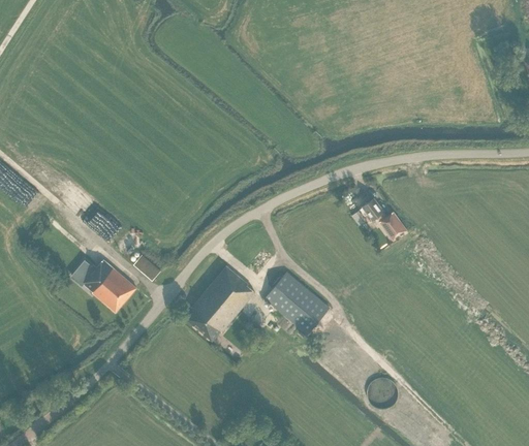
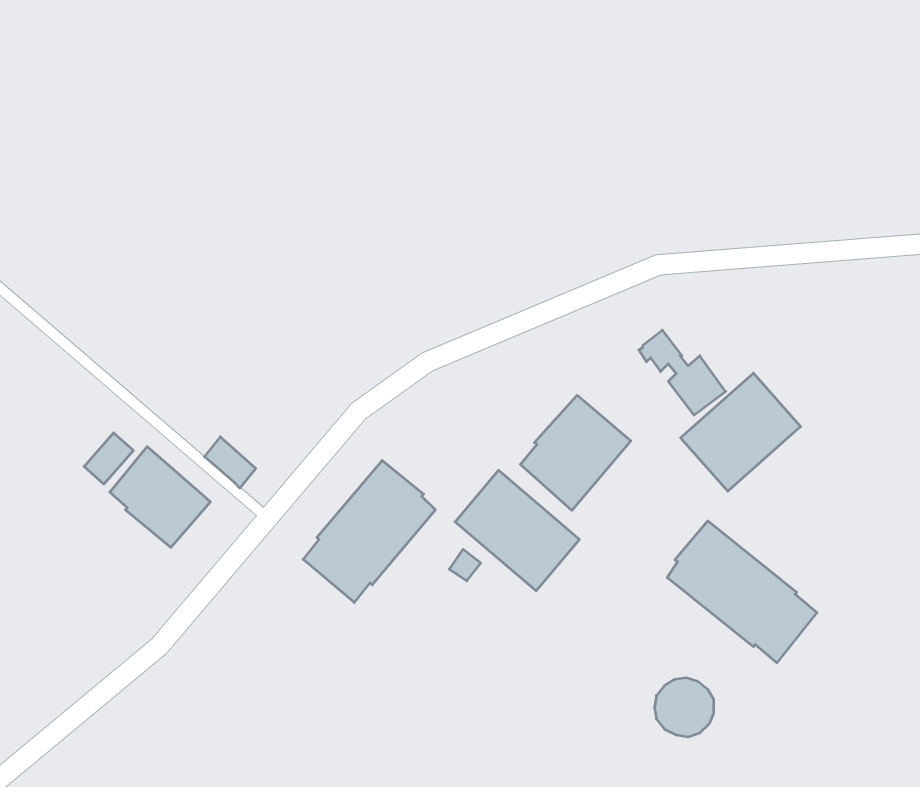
building: none -> [681,373,801,491]
building: none -> [520,395,631,510]
building: none -> [667,521,817,663]

